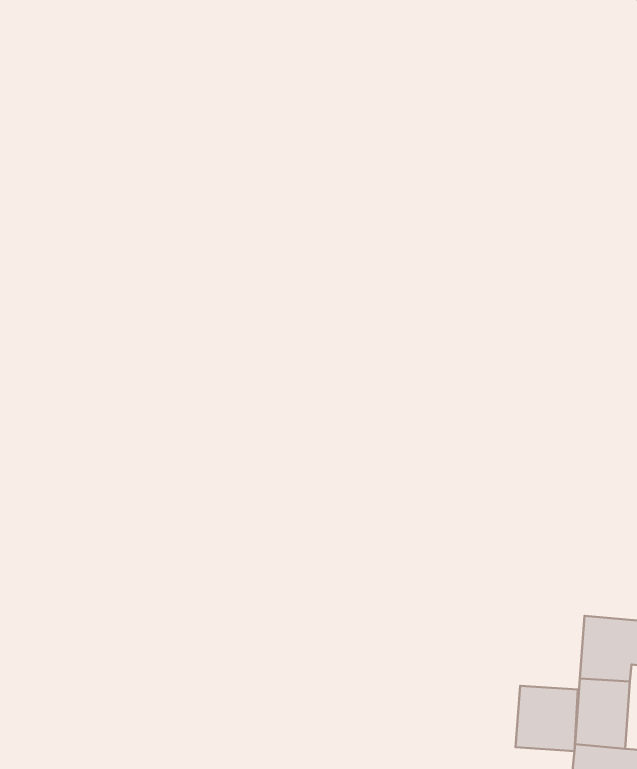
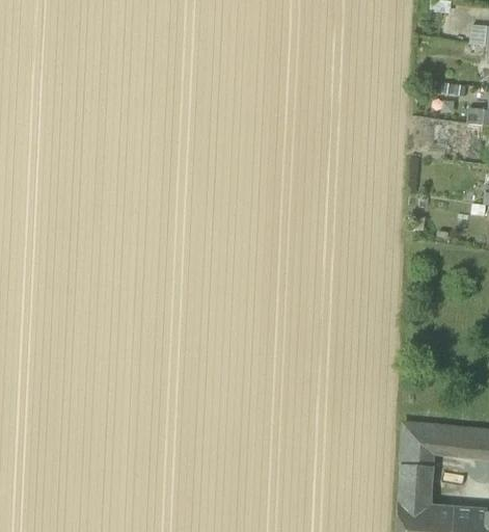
building: [516,686,578,751] -> none

